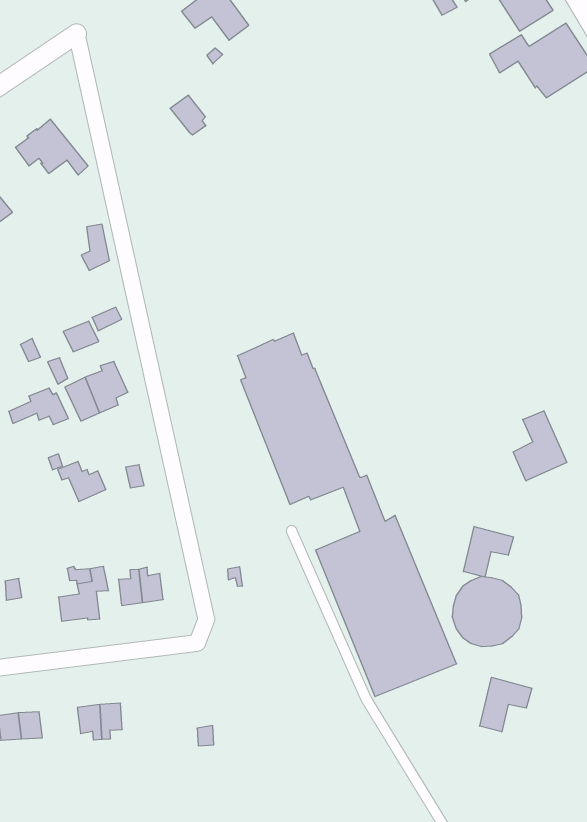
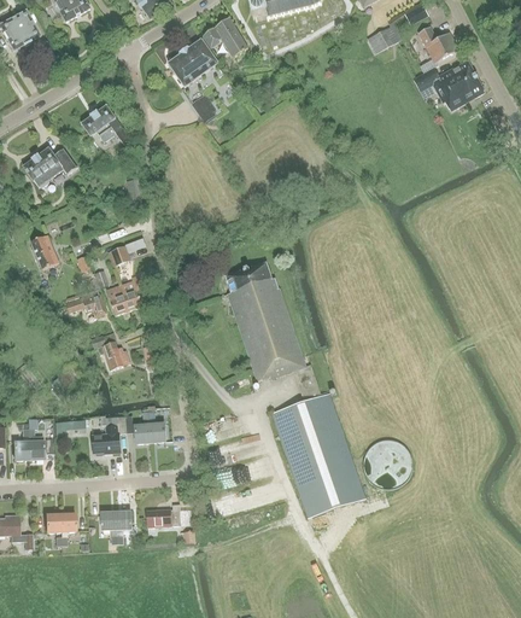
building: none -> [168,39,217,86]
building: [513,411,567,481] -> none
building: [463,526,513,577] -> none
building: [480,677,532,732] -> none
building: none -> [146,503,180,526]

